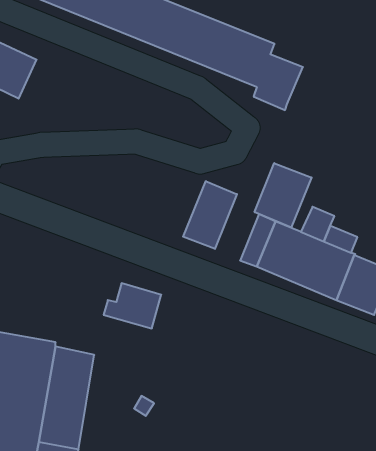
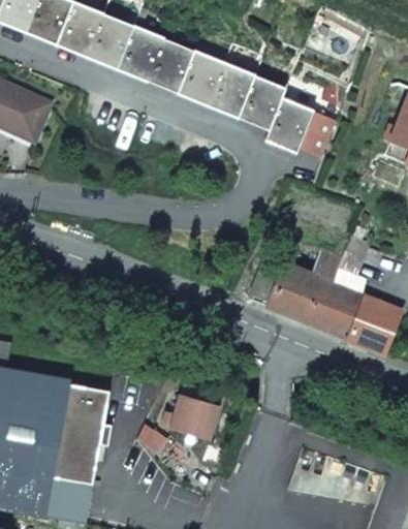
building: none -> [297,110,336,155]
building: [255,163,312,228] -> none
building: [183,181,237,249] -> none
building: [104,283,161,328] -> [161,395,218,439]

